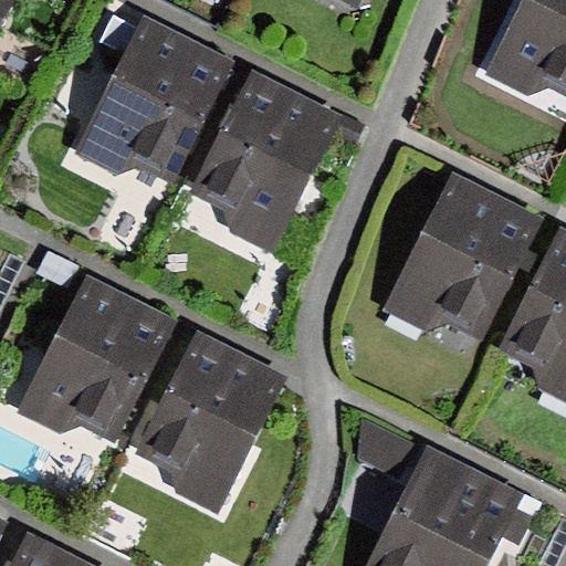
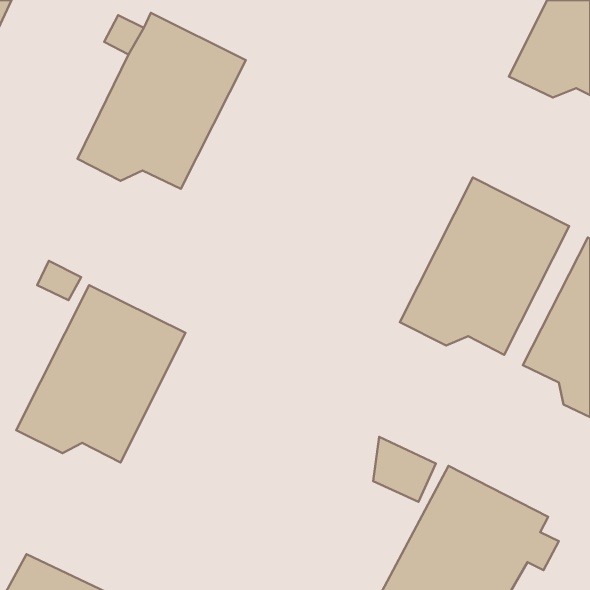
building: [189,69,342,253] -> none
building: [134,329,286,515] -> none

